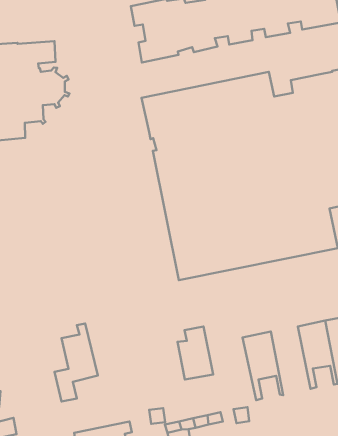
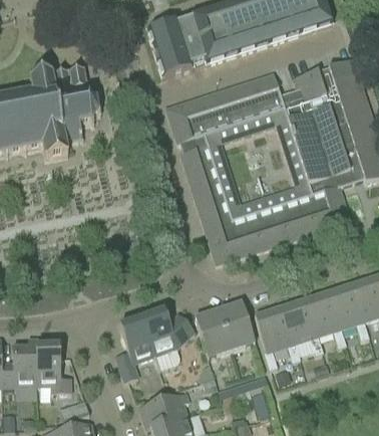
building: none -> [138,306,195,367]
building: none -> [301,291,341,353]
building: none -> [195,310,231,357]
building: none -> [254,306,295,368]

